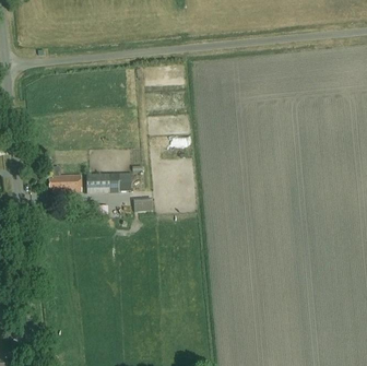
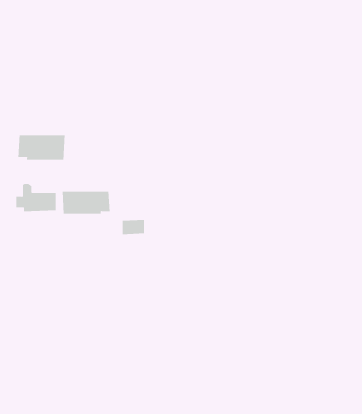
building: none -> [18,134,65,161]

